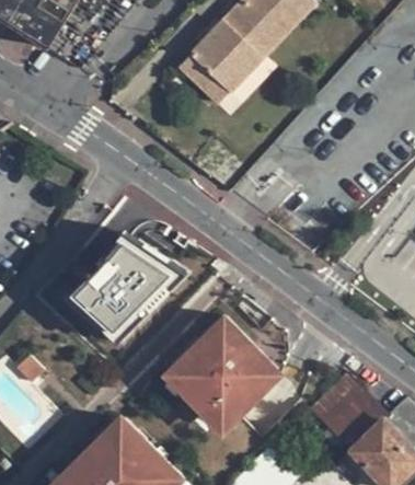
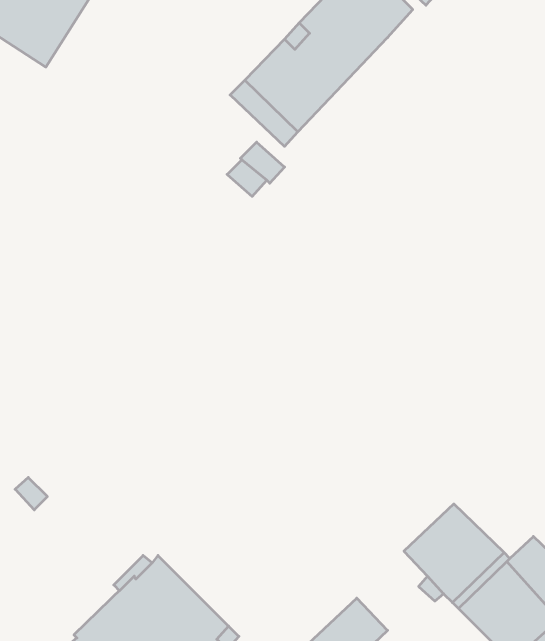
building: [74,246,168,336] -> none
building: [164,314,276,426] -> none

